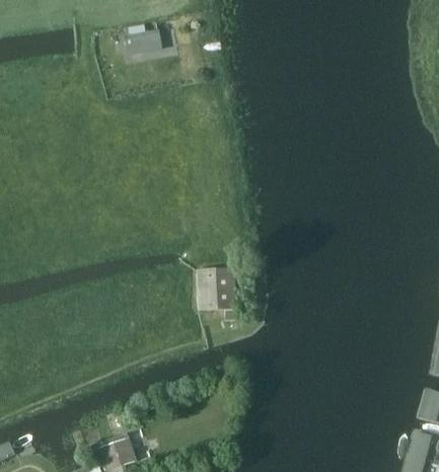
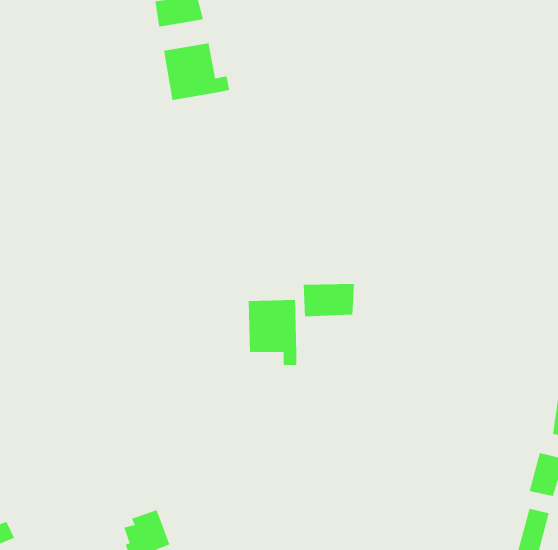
building: none -> [164,42,230,101]
building: none -> [303,283,355,317]

